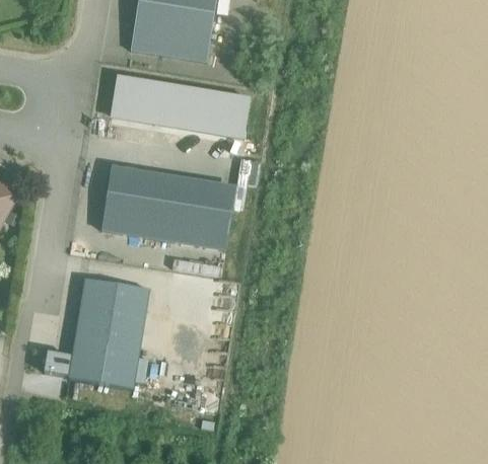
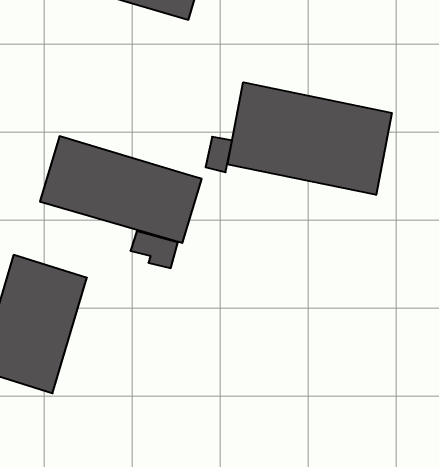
building: [111,74,250,139] -> none
building: none -> [228,82,392,195]

